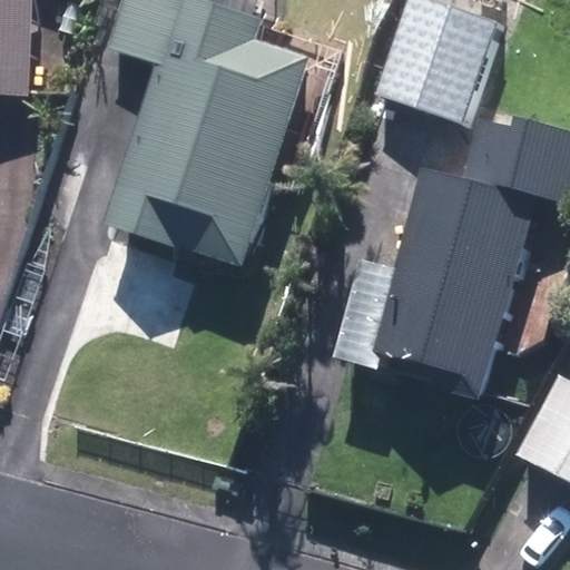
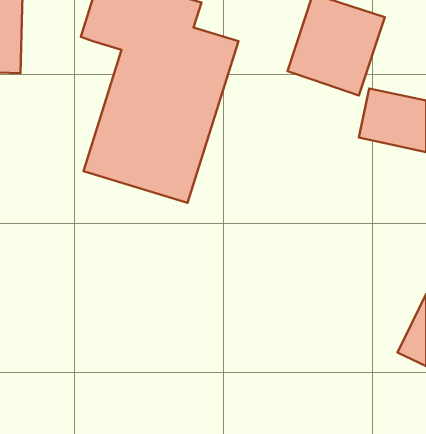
building: [376,173,537,399] -> none

